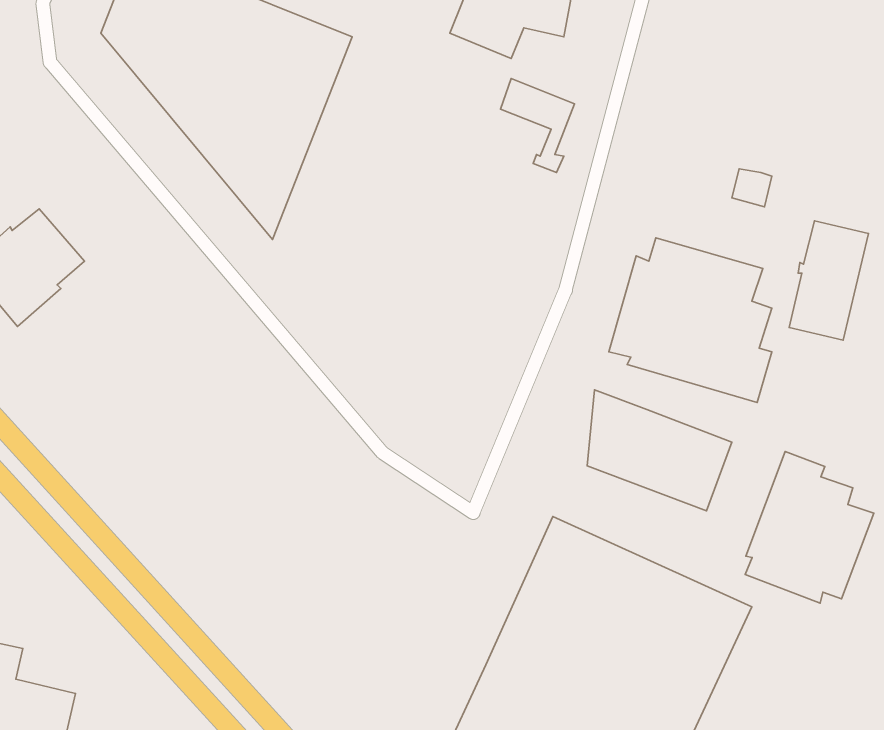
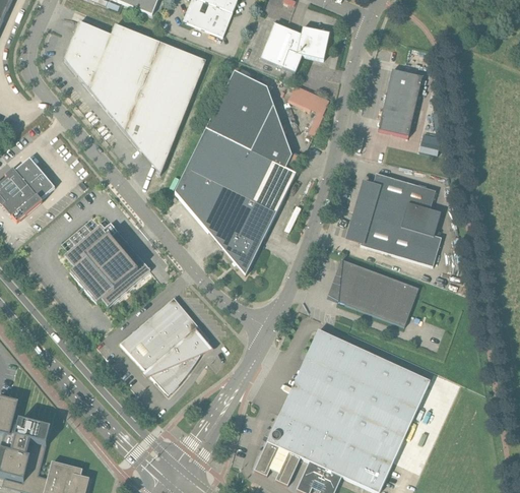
building: none -> [175,70,296,274]
building: [789,221,869,340] -> [378,69,422,136]
building: none -> [64,223,150,306]
building: [745,451,874,603] -> none
building: none -> [120,297,213,395]

